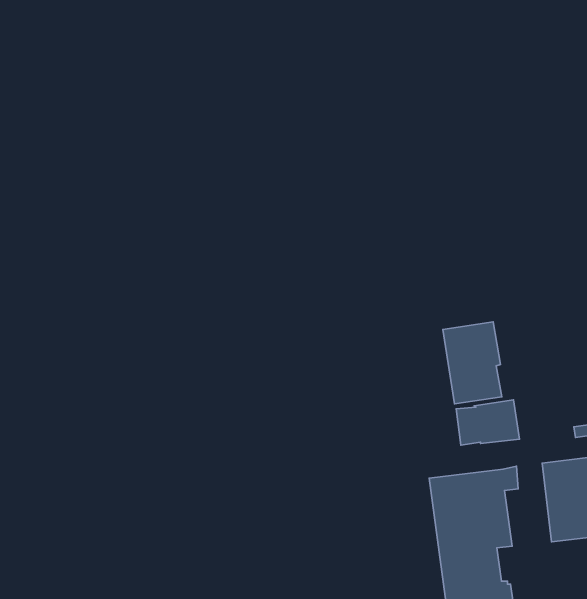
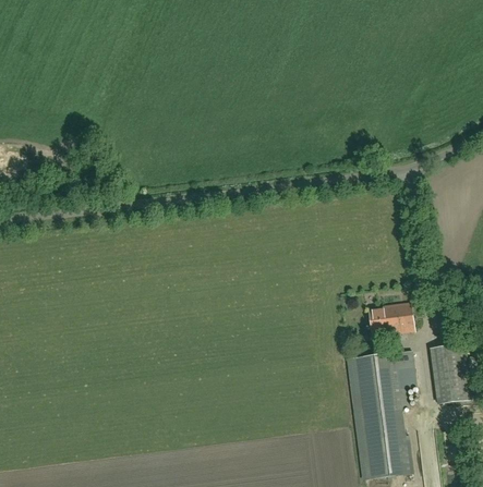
building: [443,322,502,404] -> none

